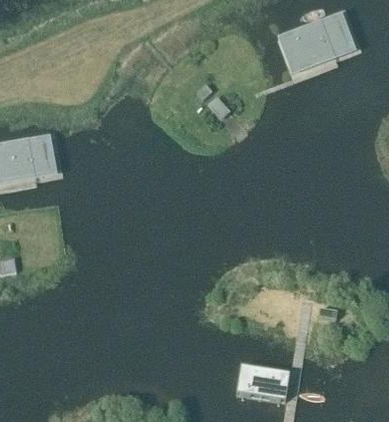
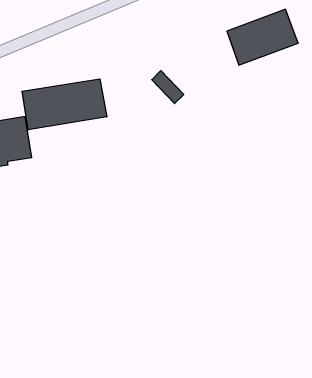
building: none -> [22,79,107,130]
building: [236,362,290,402] -> none

